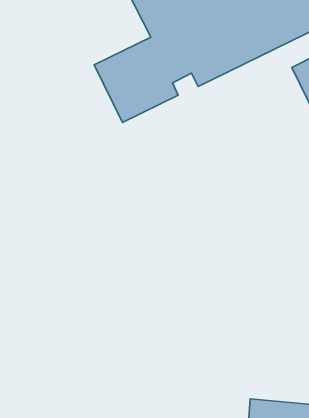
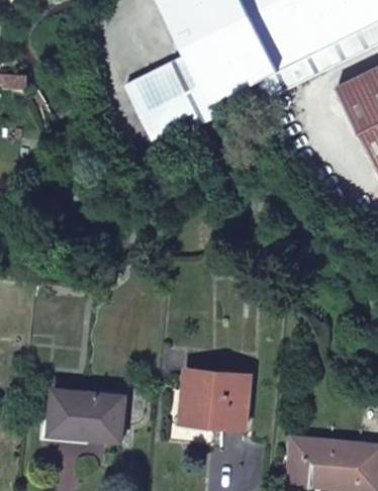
building: none -> [180,371,251,431]
building: none -> [51,391,125,445]

